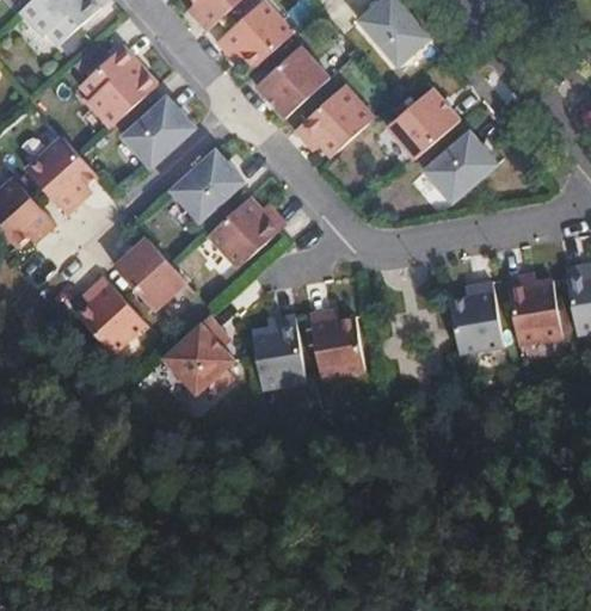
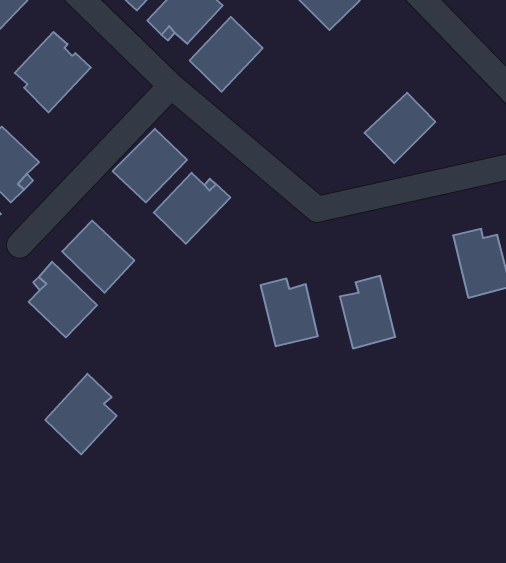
building: [295,87,371,155] -> none
building: [387,87,460,158] -> none
building: [122,94,196,168] -> none
building: [450,282,503,352] -> [340,276,395,348]
building: [162,314,234,394] -> [45,374,117,454]
building: [252,315,306,385] -> none

